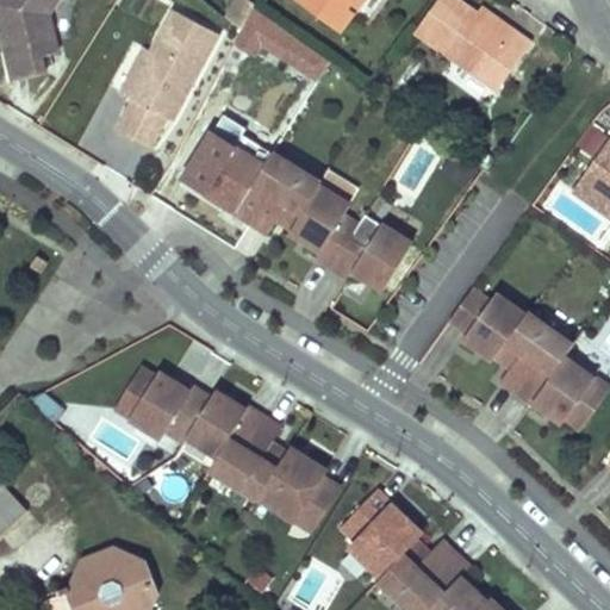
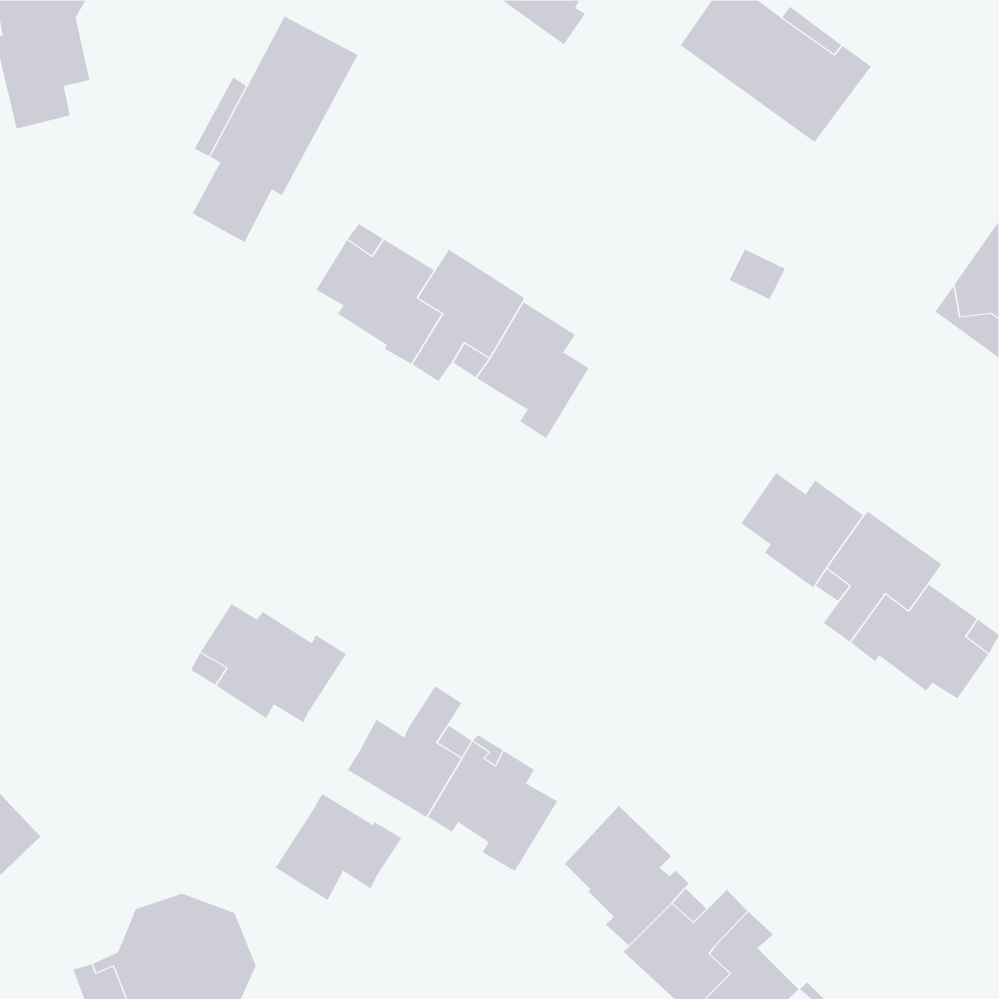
building: [236,6,332,85] -> none
building: [332,224,412,290] -> none
building: [187,391,264,456] -> [275,793,402,901]

